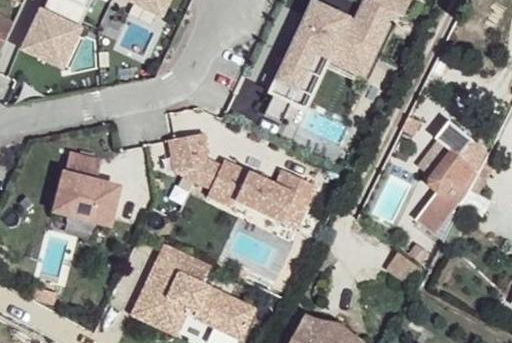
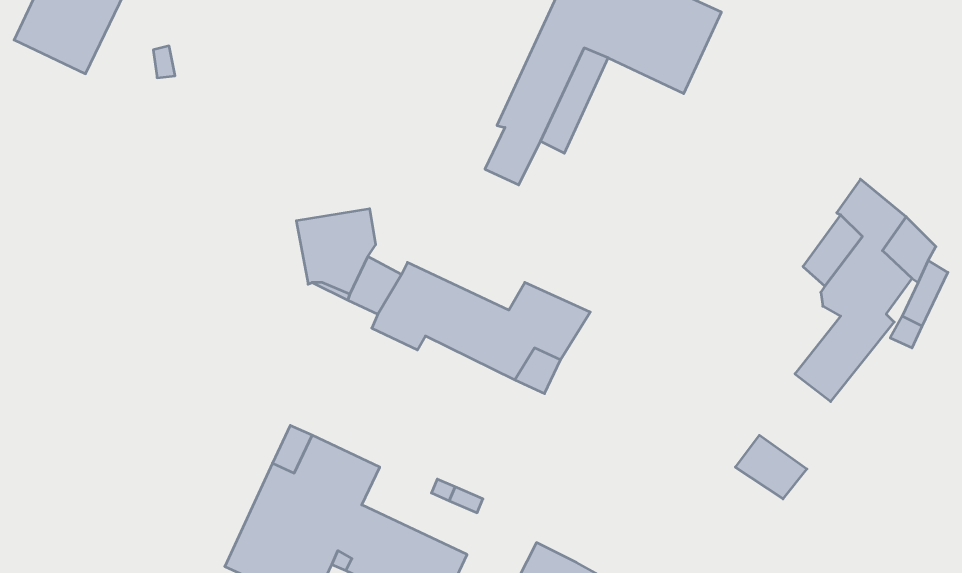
building: [54,154,117,225] -> none

